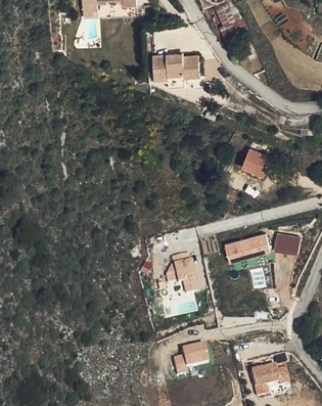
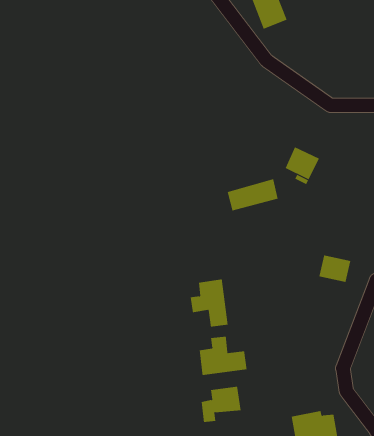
building: [151,47,203,83] -> none
building: [224,237,268,265] -> [227,178,279,211]
building: none -> [199,336,247,376]

